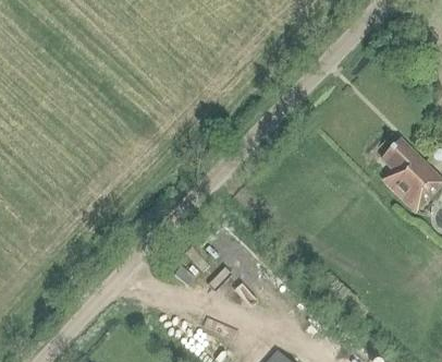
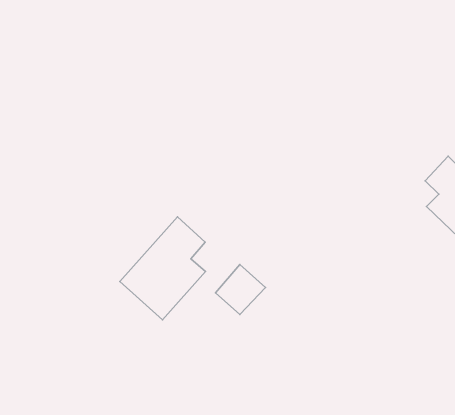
building: none -> [120,217,206,320]

